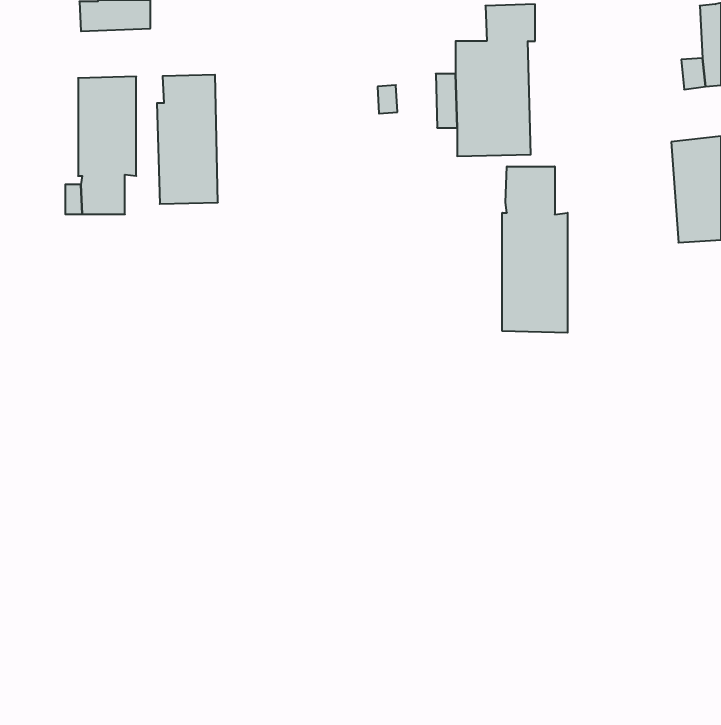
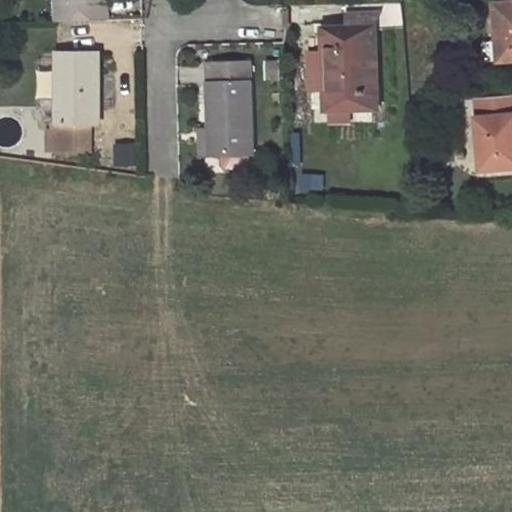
building: [157,75,218,204] -> [209,62,252,153]
building: [502,166,568,333] -> none

